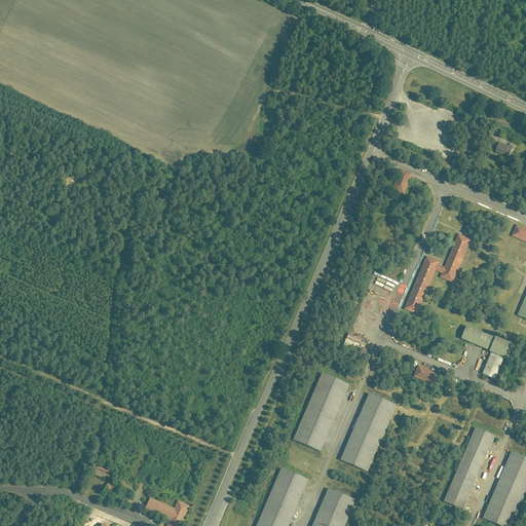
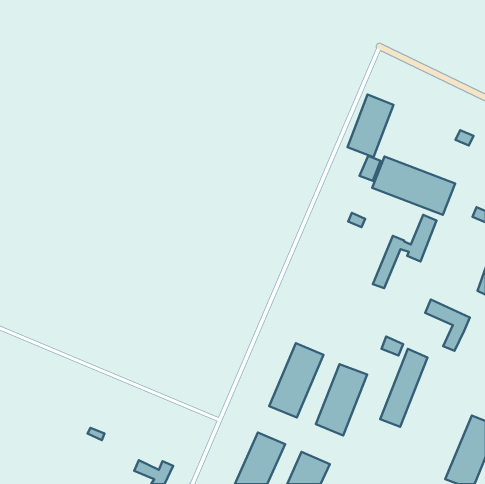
building: none -> [347,95,394,157]
building: none -> [372,157,455,215]
building: [443,427,494,512] -> [380,349,428,427]

